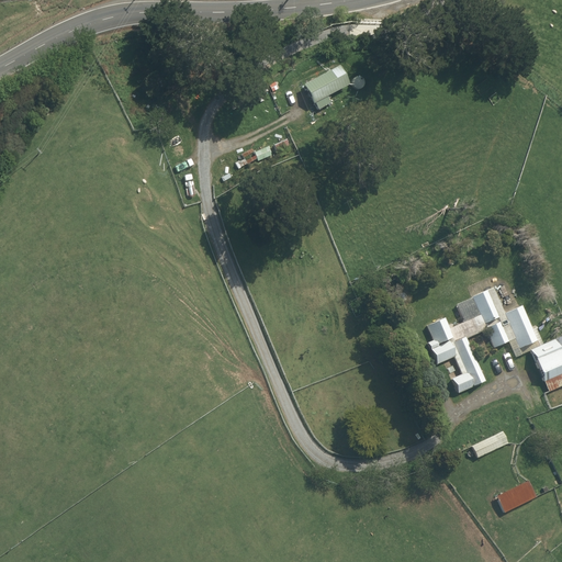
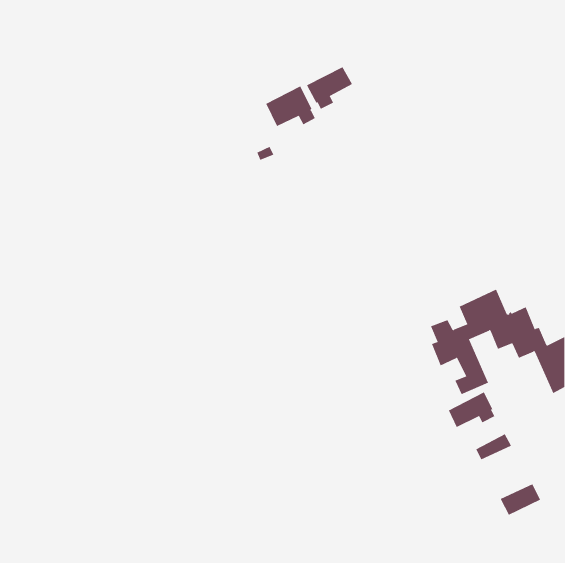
building: none -> [266,86,316,127]
building: none -> [448,392,495,428]

